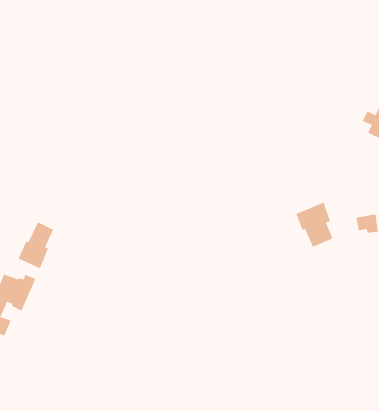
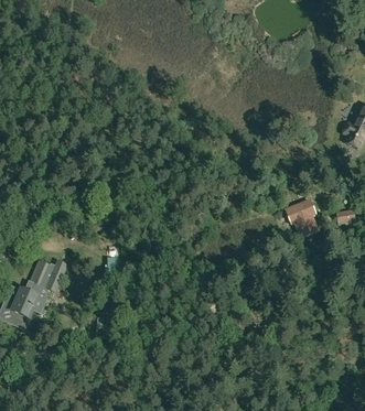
building: [18,221,54,269] -> none

